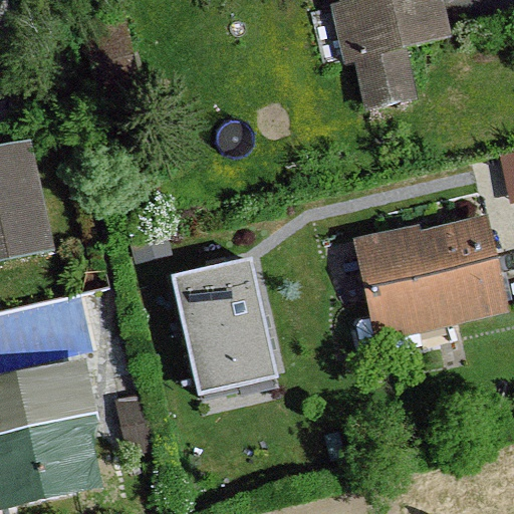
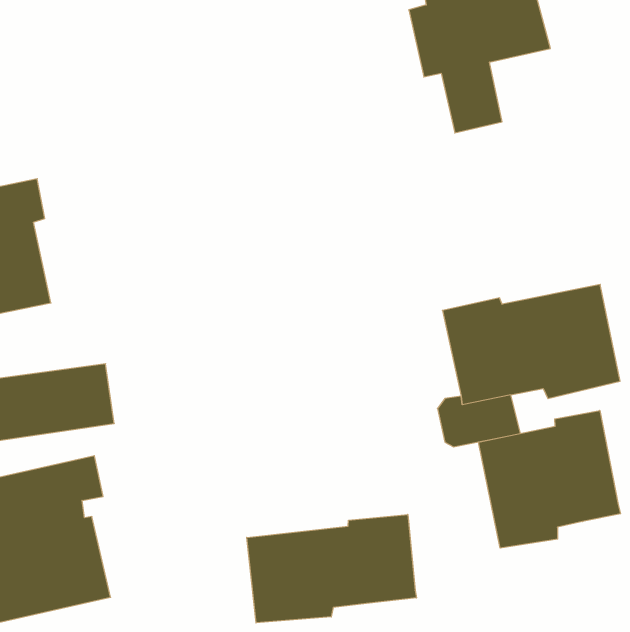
building: [182,258,279,387] -> none
building: none -> [478,410,621,548]
building: none -> [247,514,416,623]

